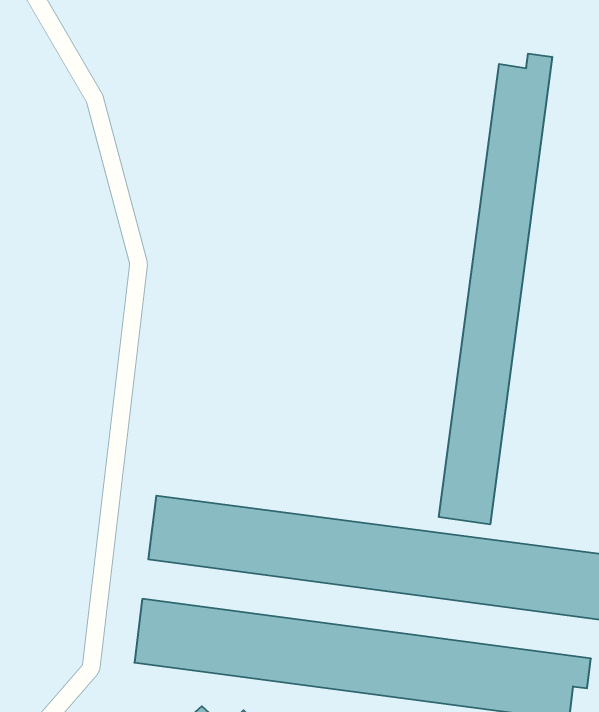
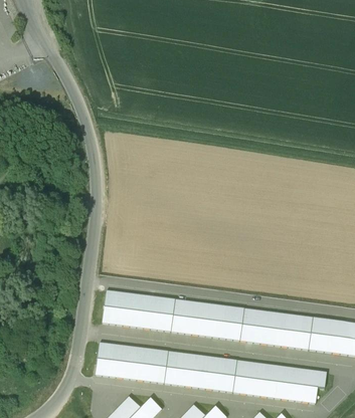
building: [439,54,552,524] -> none

